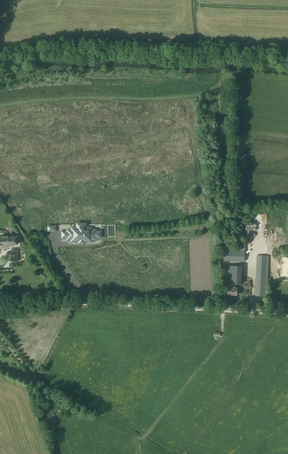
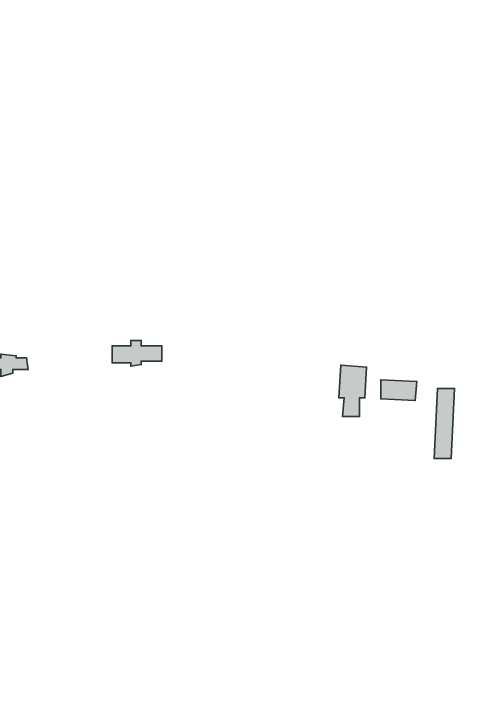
building: [226,264,242,294] -> [339,365,366,417]

